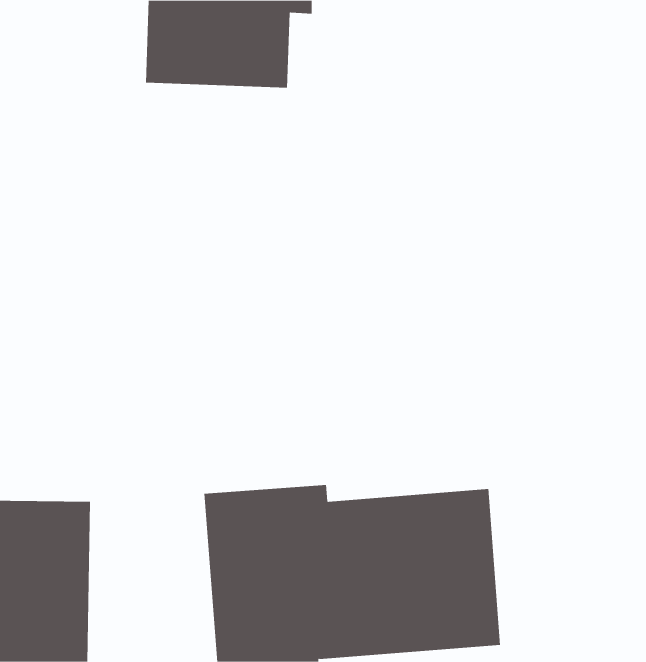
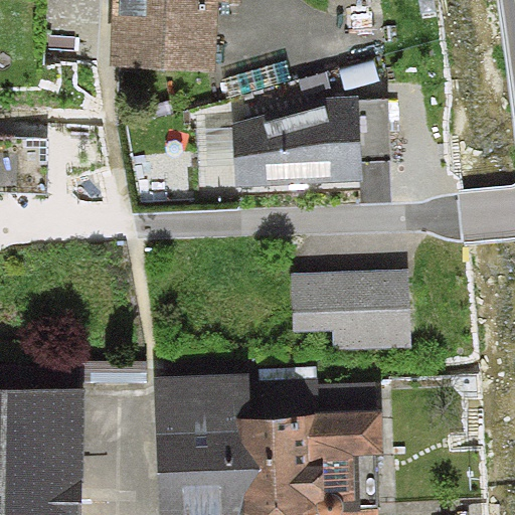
building: none -> [222,101,357,192]
building: none -> [283,272,409,350]

